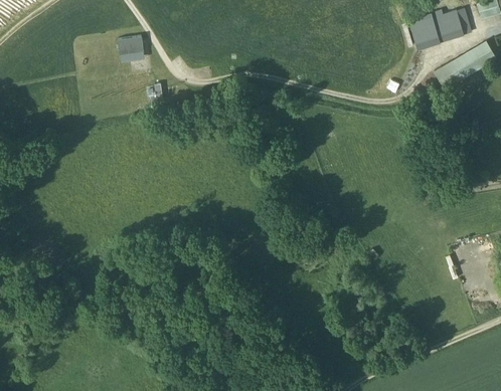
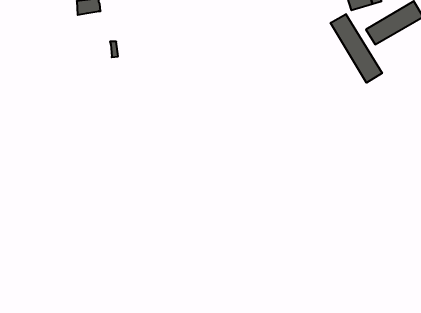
building: none -> [331,14,382,83]

